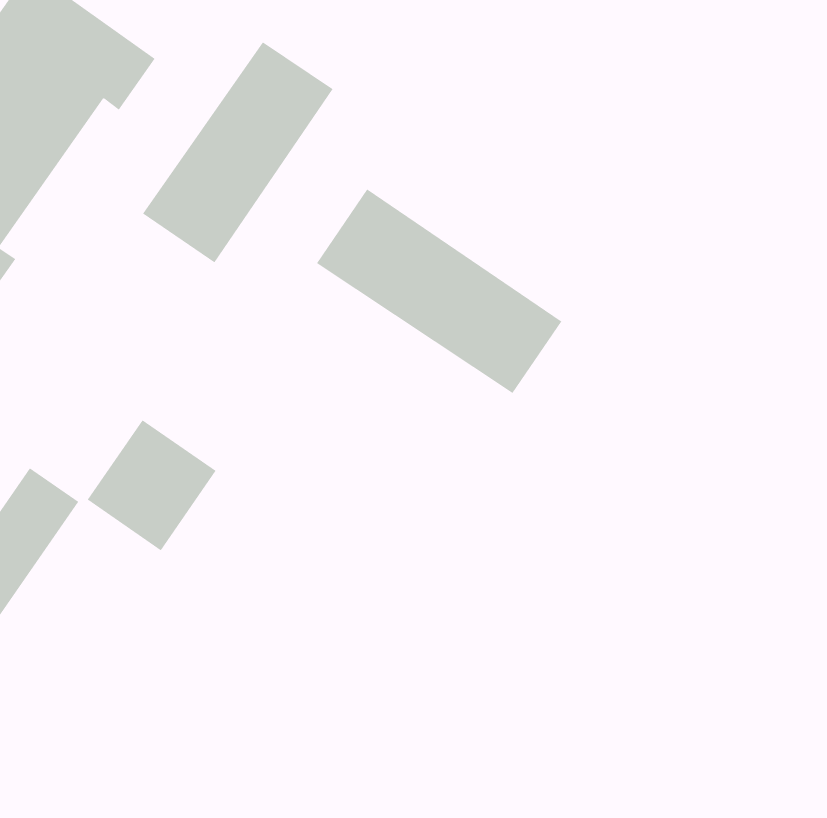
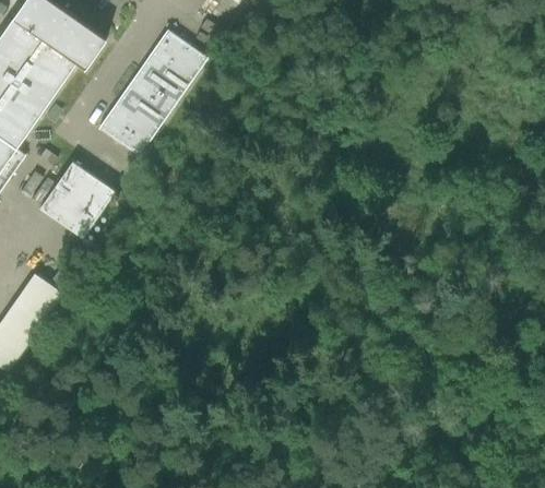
building: [316,188,562,394] -> none
building: [87,419,217,551] -> [40,162,115,237]

